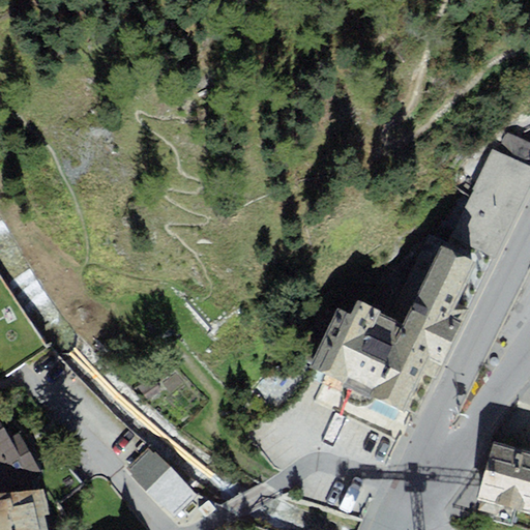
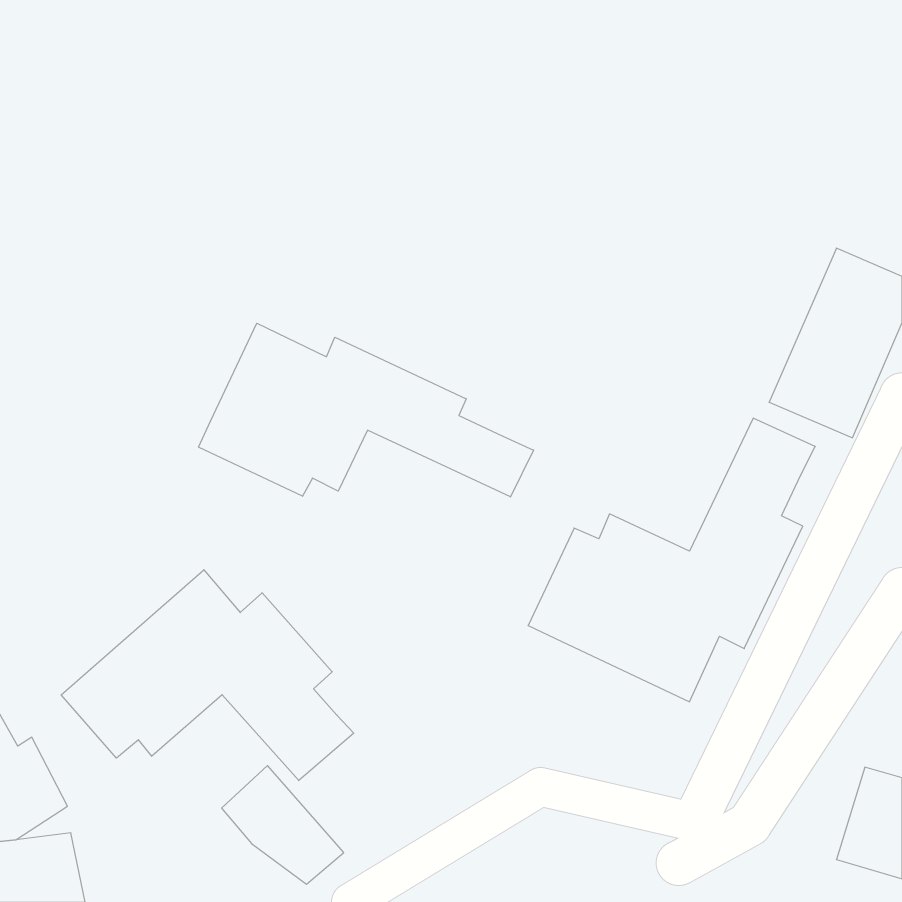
building: none -> [198,323,534,497]
building: none -> [61,570,354,781]

